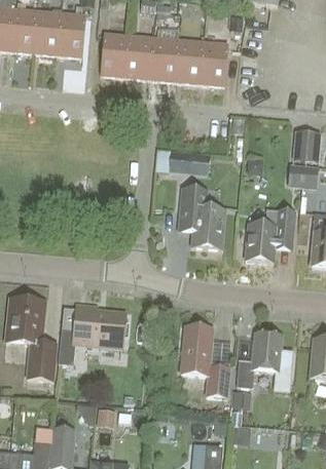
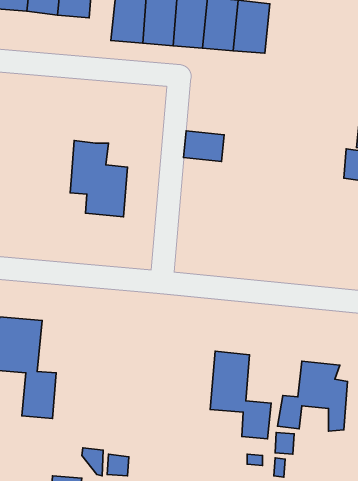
building: [178,188,224,249] -> [70,141,127,217]
building: [244,208,294,262] -> none
building: [58,304,124,364] -> none

